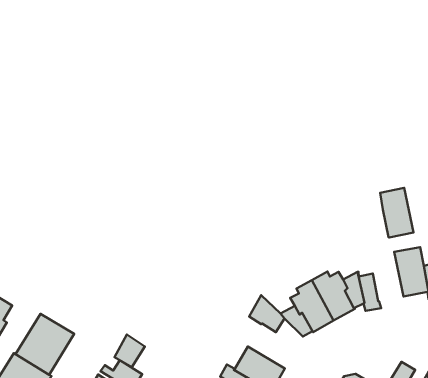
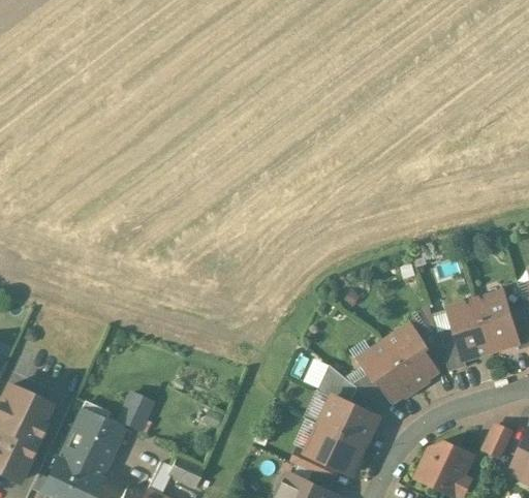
building: [380,188,414,237] -> [448,301,491,359]
building: none -> [320,397,377,445]
building: [114,335,145,367] -> [119,393,152,429]

